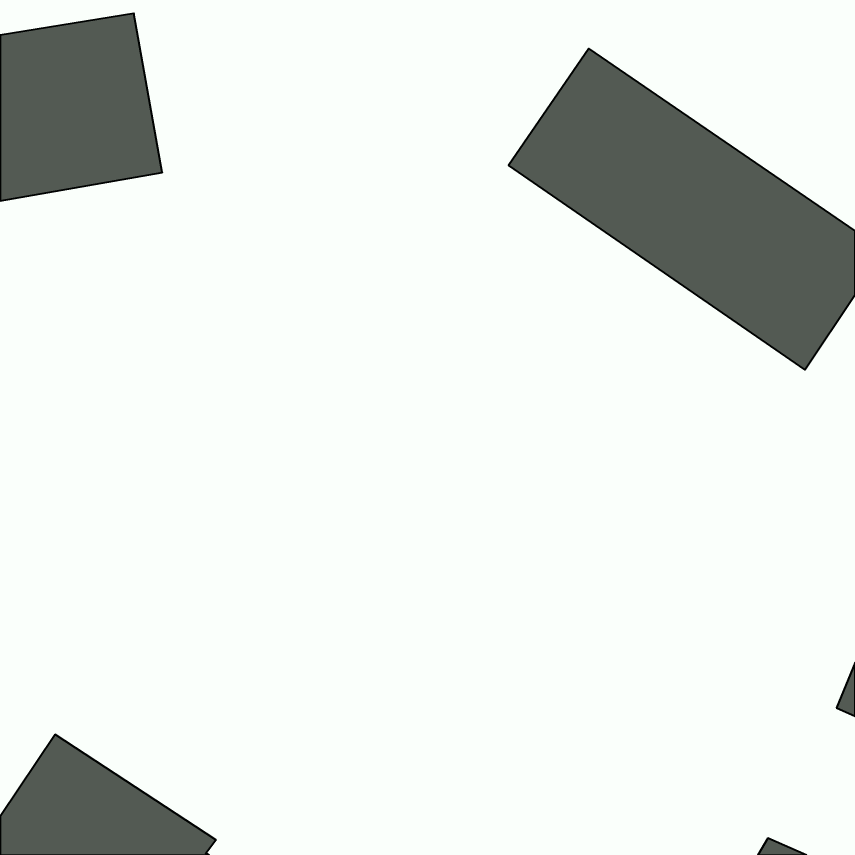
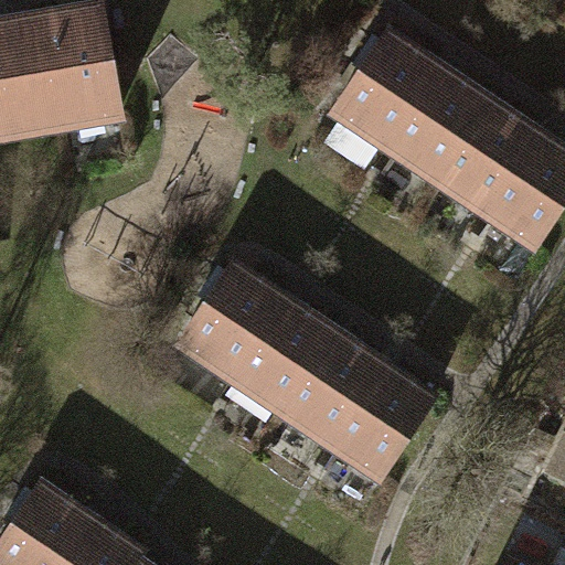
building: none -> [181,263,431,473]

